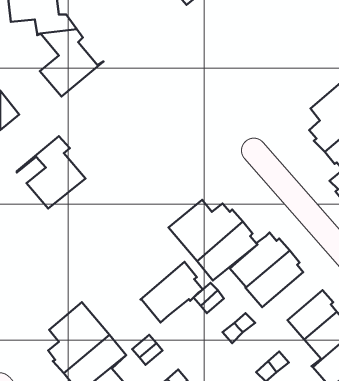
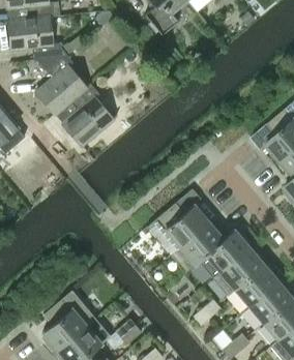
building: [17,136,85,208] -> [54,84,113,146]
building: [140,262,203,322] -> none
building: none -> [227,265,278,306]

